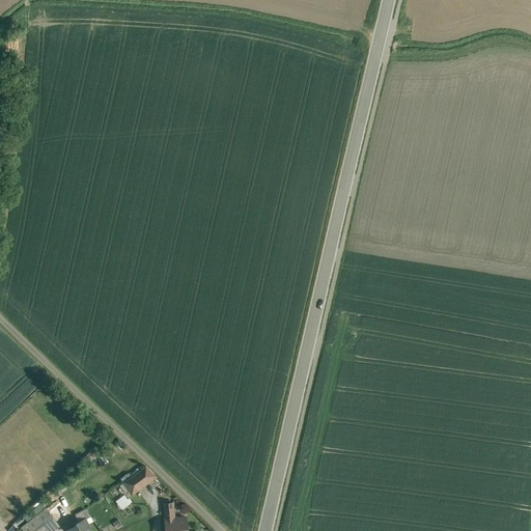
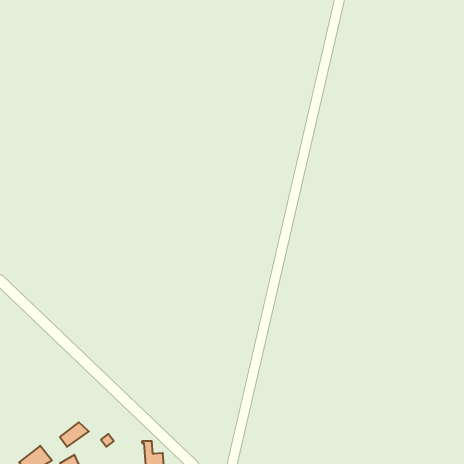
building: [123,467,157,495] -> [60,422,89,447]

